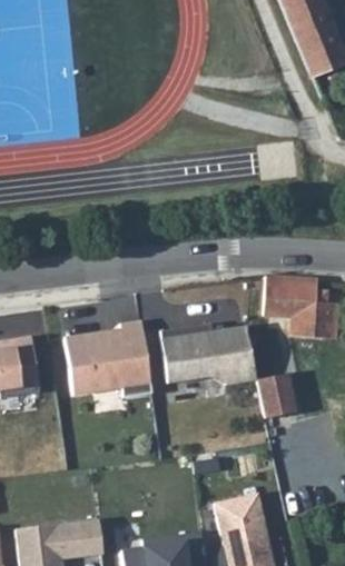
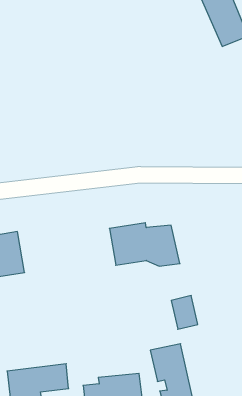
building: [265,277,337,338] -> none
building: [65,320,151,399] -> none
building: [257,371,294,418] -> [171,296,198,329]

